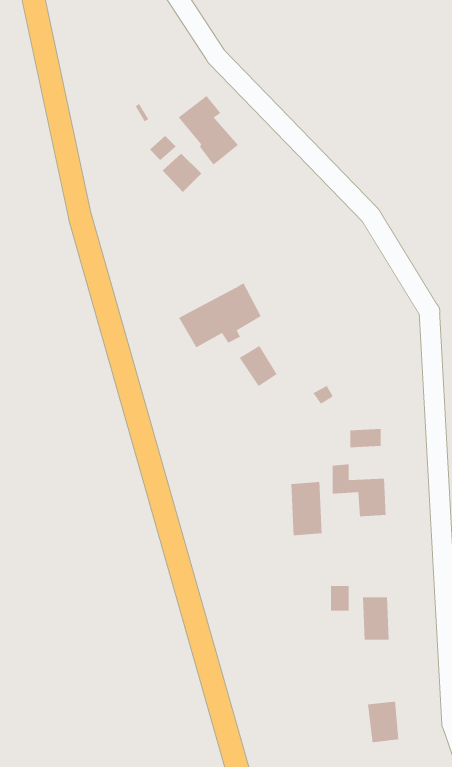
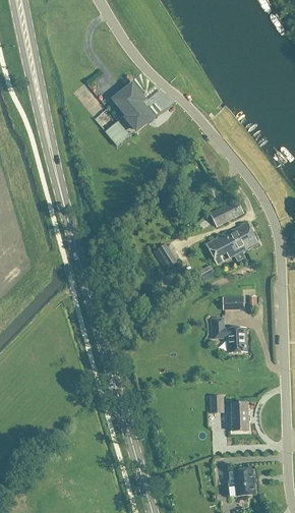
building: none -> [210,198,243,225]
building: [178,282,262,348] -> [205,221,258,263]
building: [291,481,322,536] -> none

